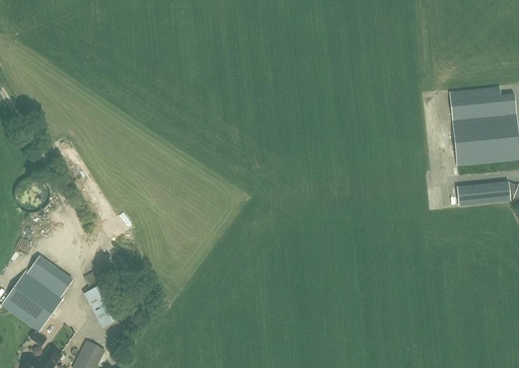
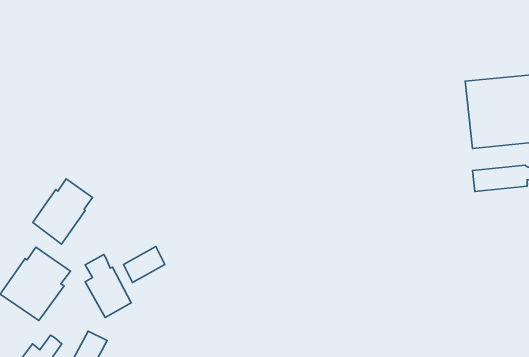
building: none -> [33,179,93,244]
building: none -> [123,246,165,282]

